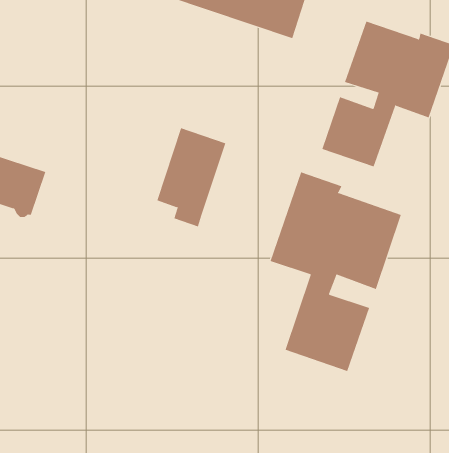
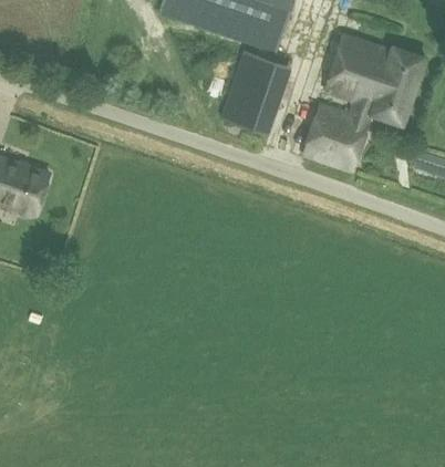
building: [157,128,226,227] -> [222,52,287,144]
building: [270,172,401,372] -> none

